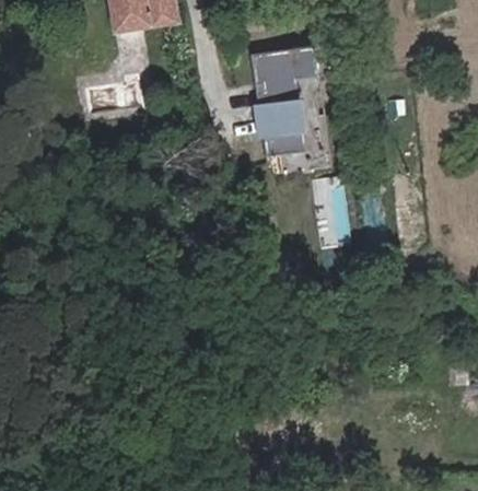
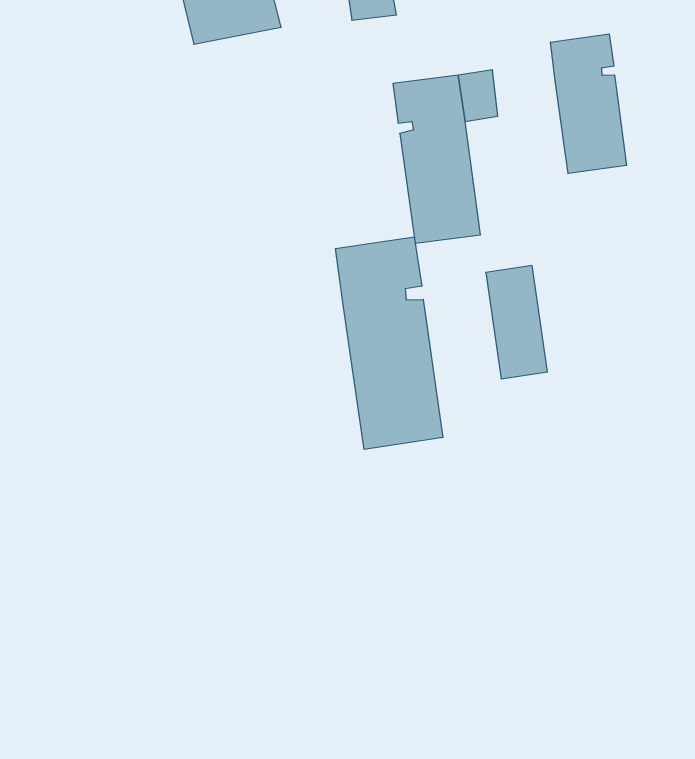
building: none -> [551,34,627,174]
building: none -> [336,237,443,449]

